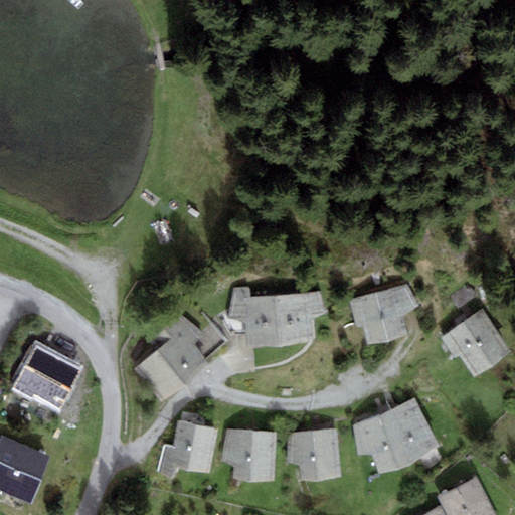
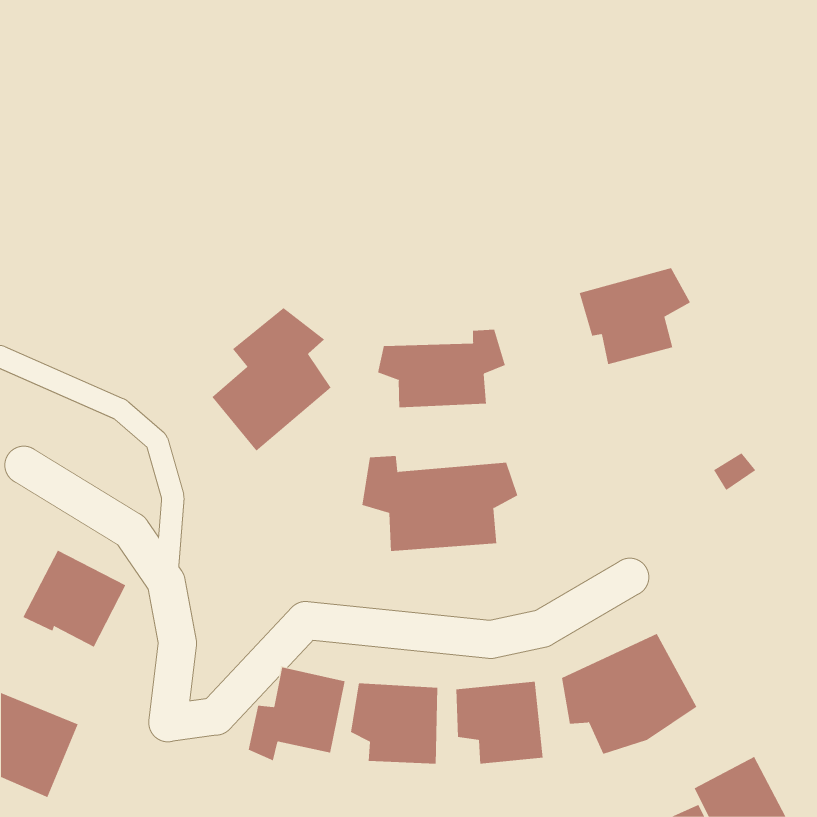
building: none -> [378,329,506,408]
building: [348,284,418,345] -> [579,267,691,365]
building: [440,309,510,377] -> none
building: [133,313,208,403] -> [211,308,331,451]

